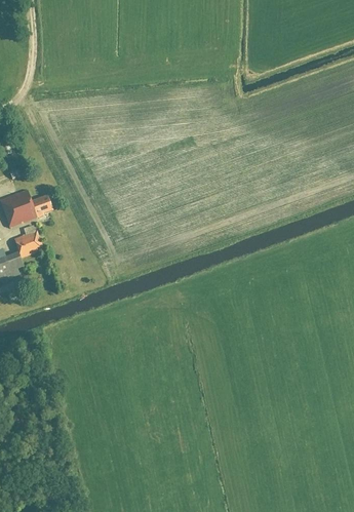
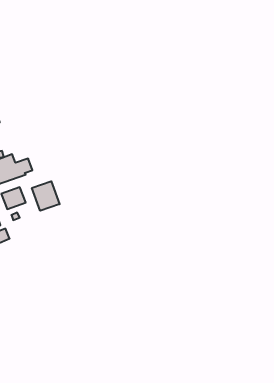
building: none -> [32,181,60,211]

